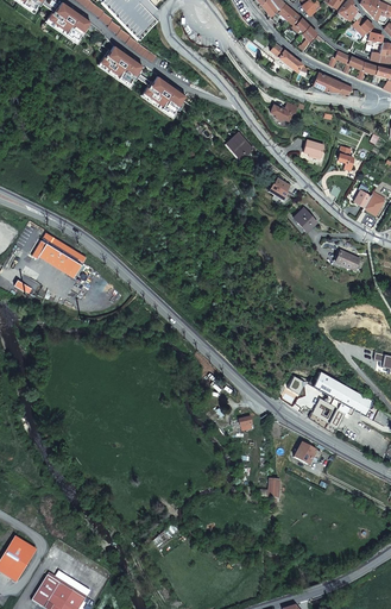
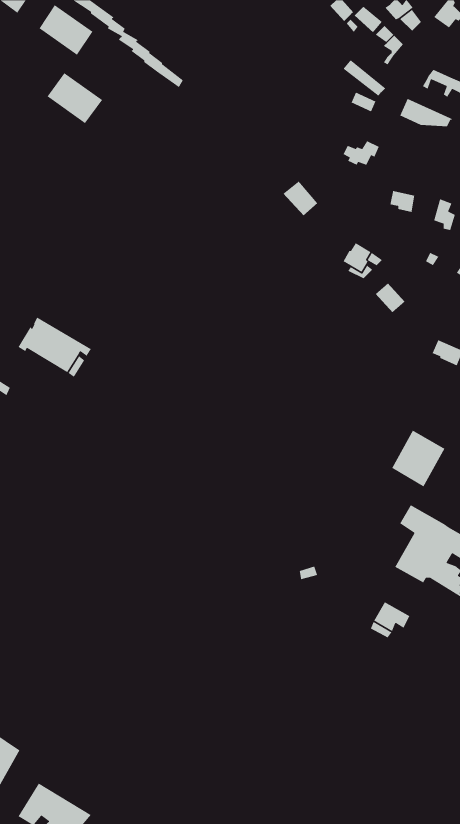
building: [99,49,140,87] -> [46,72,103,124]
building: [143,80,183,118] -> none
building: none -> [391,429,445,487]

